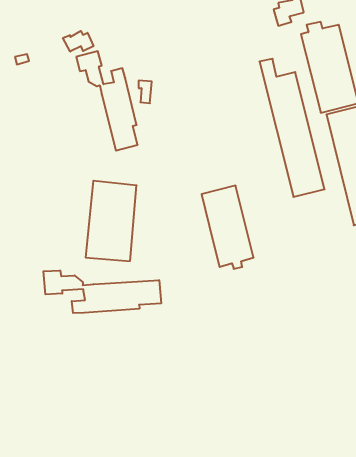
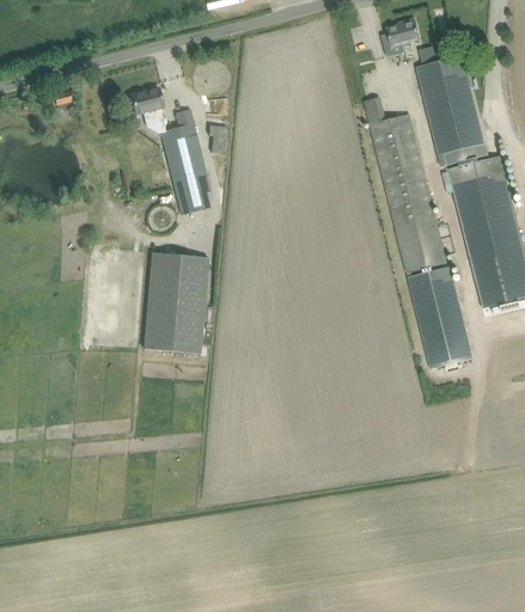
building: [63,31,93,52] -> none
building: [202,186,254,269] -> [407,265,472,371]
building: [43,270,161,313] -> none

